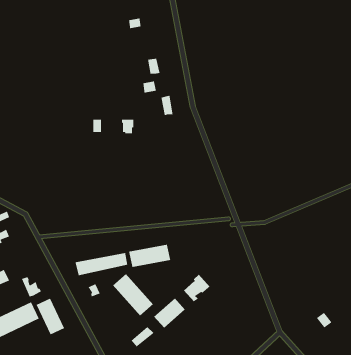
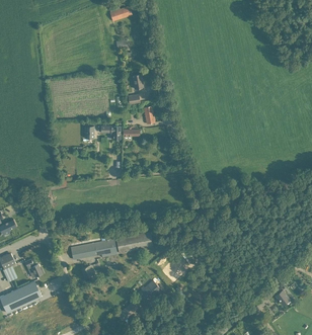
building: [112,273,154,317] -> none
building: [35,297,65,336] -> none

